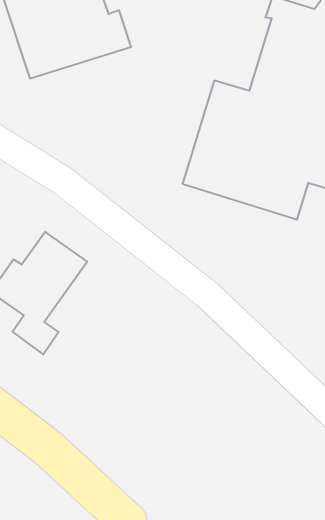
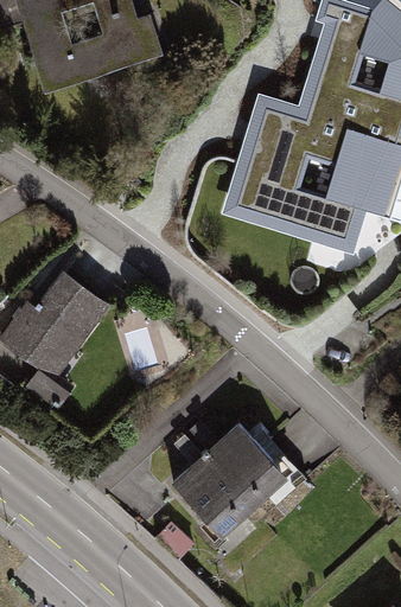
building: none -> [171,423,288,538]

